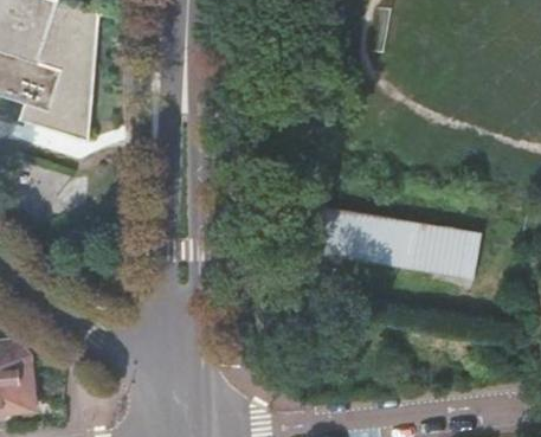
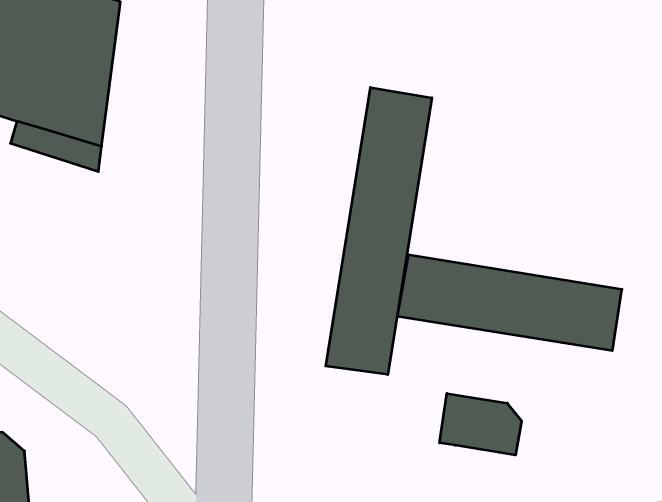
building: none -> [326,87,432,375]
building: none -> [440,393,522,455]

